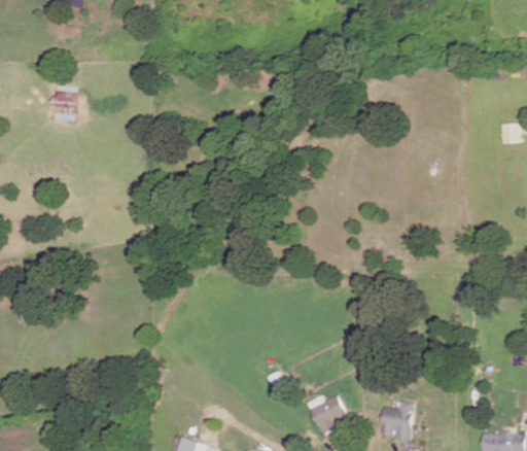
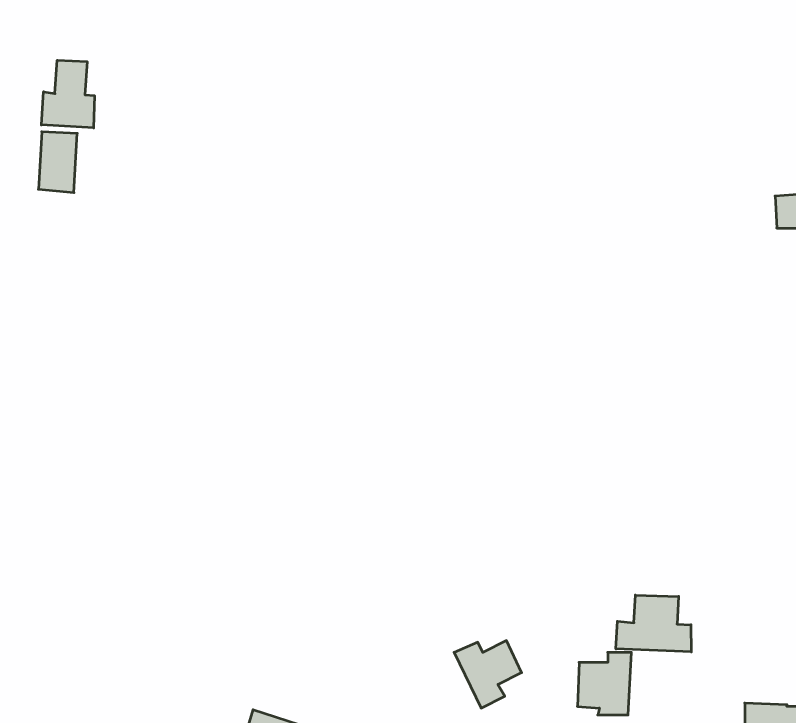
building: none -> [41,60,94,128]
building: none -> [616,595,691,652]

